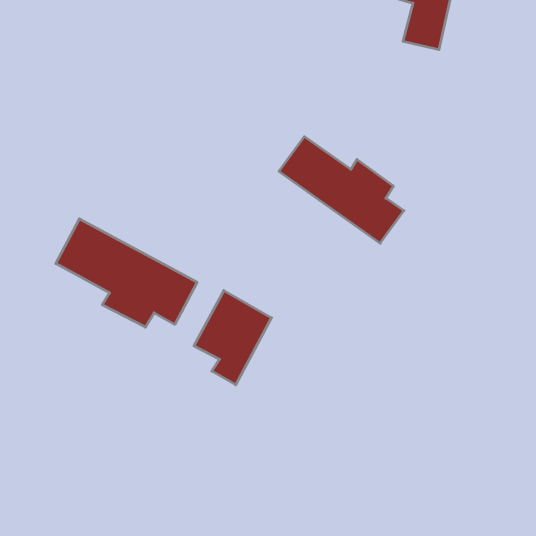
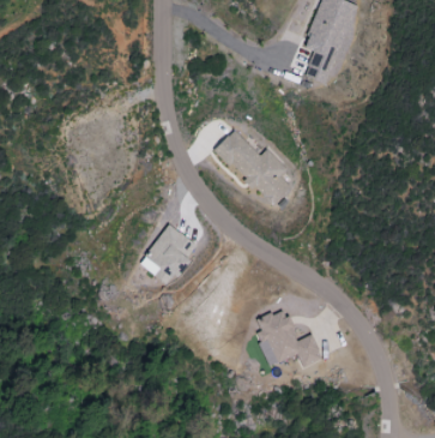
building: [56,219,197,327] -> none
building: none -> [256,310,324,368]

